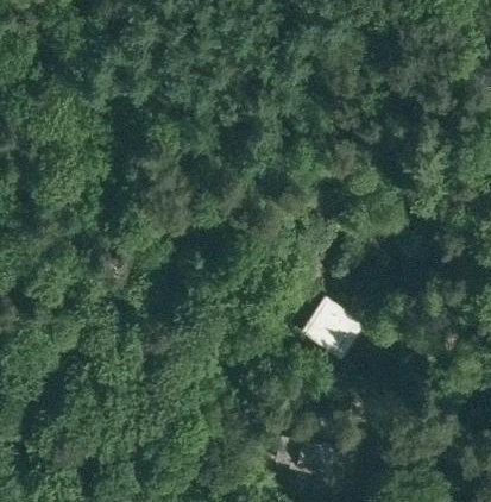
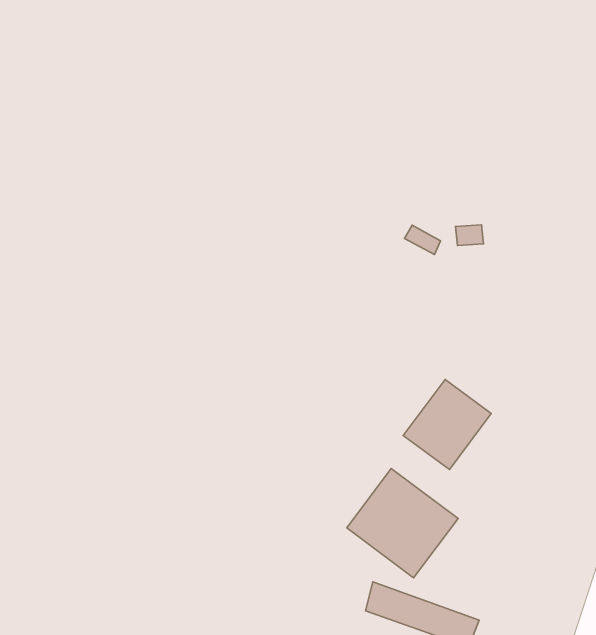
building: none -> [347,468,458,578]

